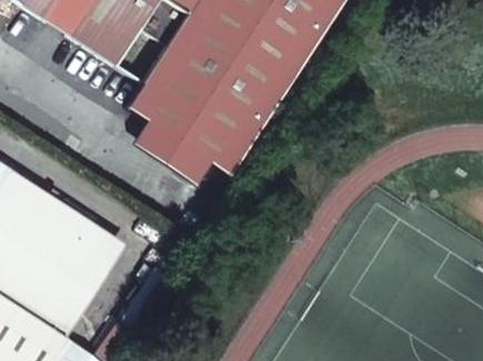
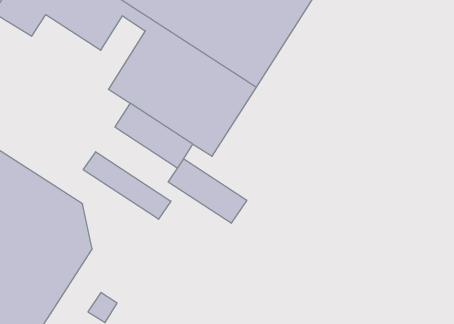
building: none -> [83,152,171,219]
building: none -> [168,159,247,223]

